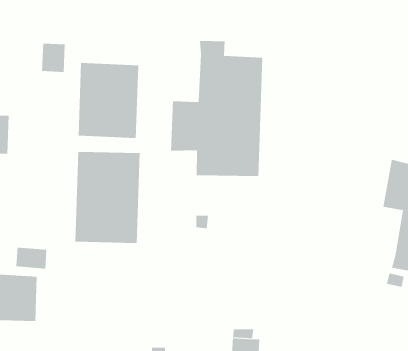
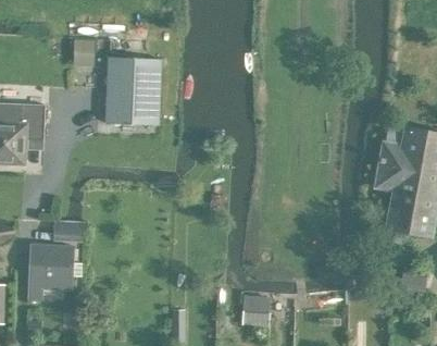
building: [170,40,263,177] -> none
building: [75,151,140,244] -> none

